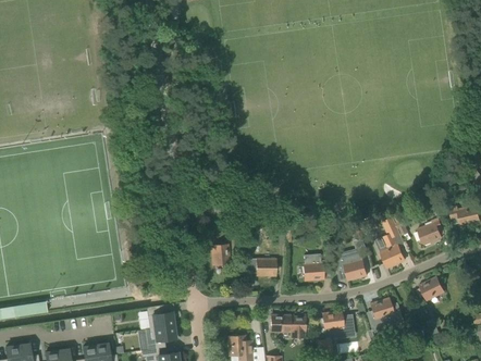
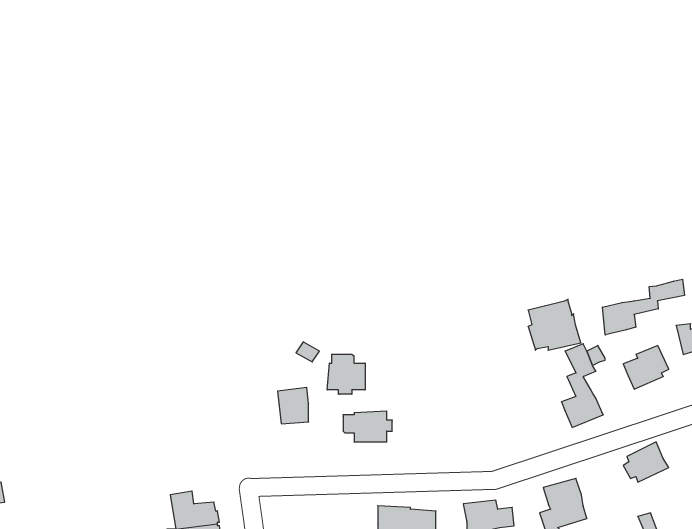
building: none -> [603,279,684,335]
building: none -> [327,354,365,394]
building: [336,250,368,281] -> [528,299,581,350]
building: [304,253,324,281] -> none

